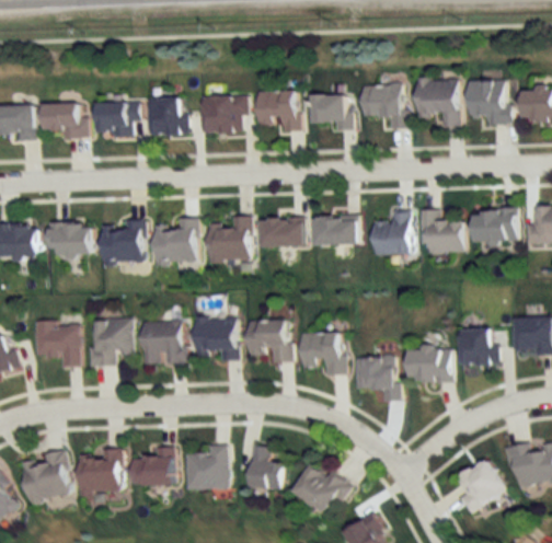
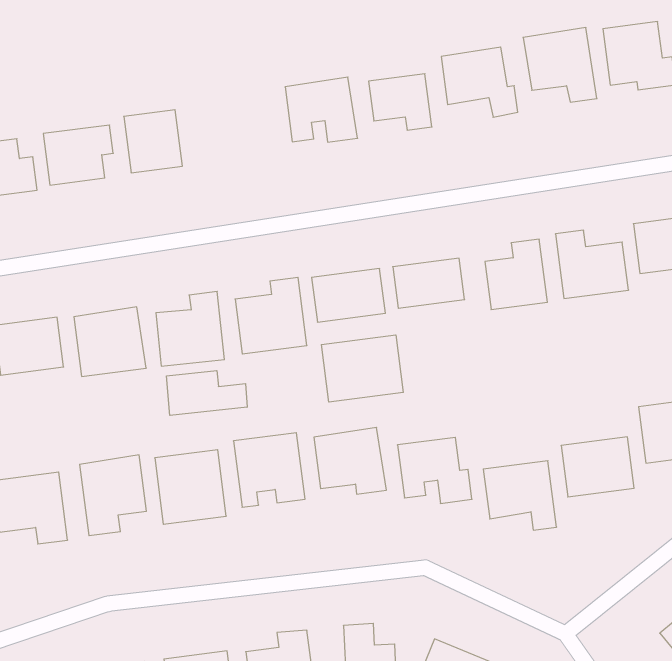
building: [202,95,248,132] -> none
building: none -> [321,335,403,402]
building: none -> [167,371,247,415]

